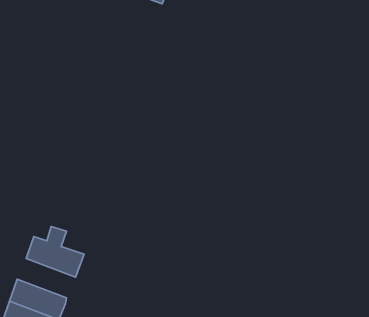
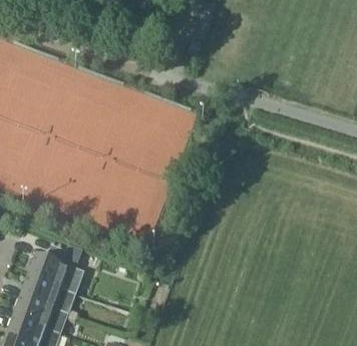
building: none -> [24,266,81,310]

